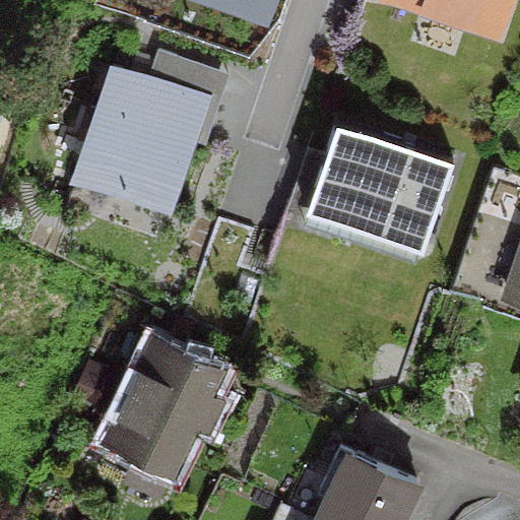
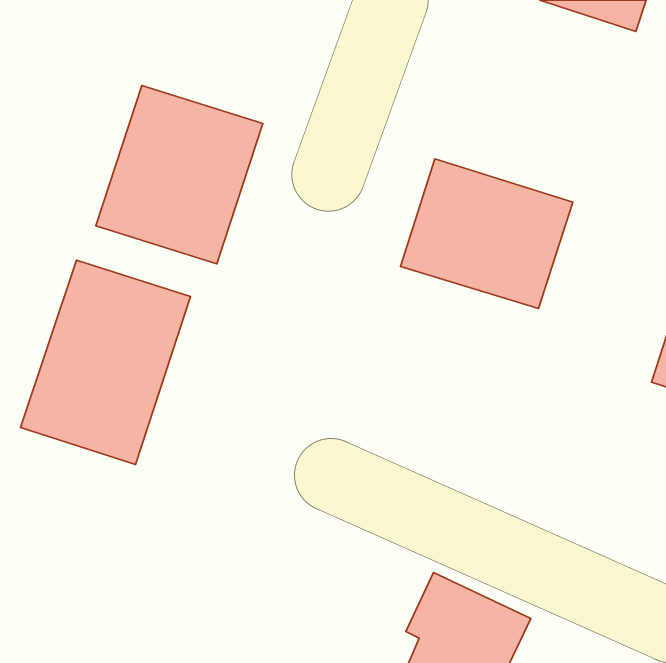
building: none -> [20,260,190,465]
building: [108,344,214,471] -> none

